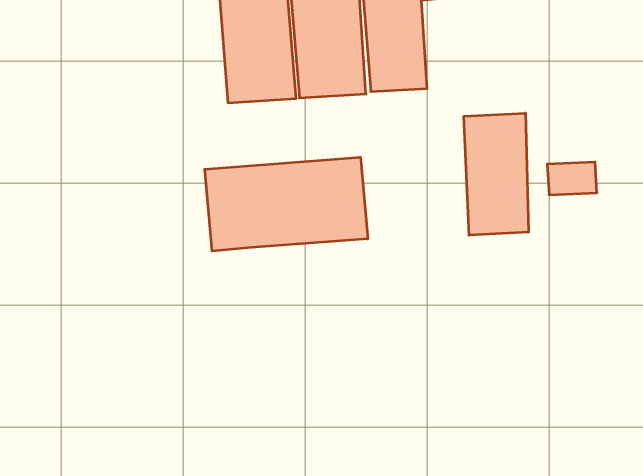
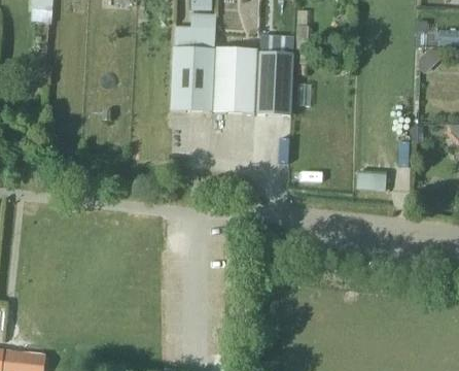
building: [464,113,529,235] -> none
building: [205,157,368,251] -> none

